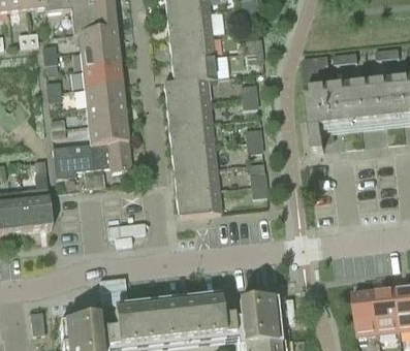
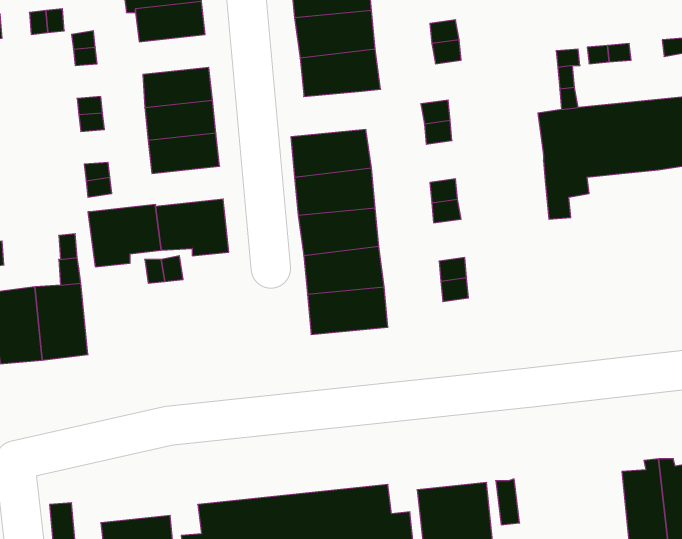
building: [82,45,121,68] -> none
building: [164,77,210,103] -> none
building: [89,120,129,142] -> none

